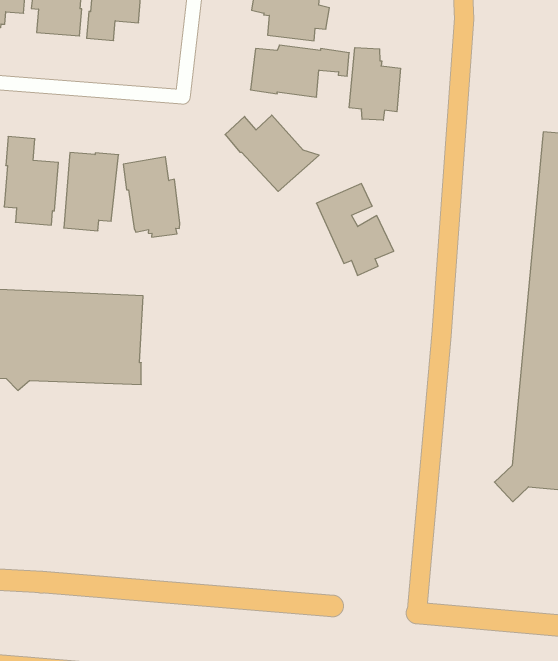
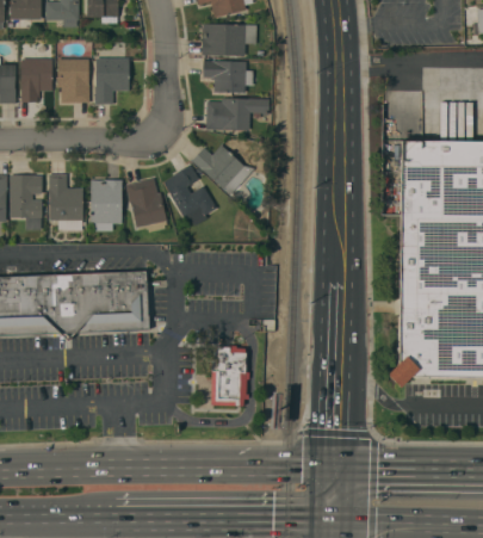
building: [349,48,400,120] -> none
building: [316,184,394,275] -> [163,165,217,225]
building: none -> [211,345,249,406]

